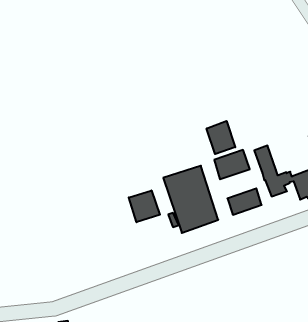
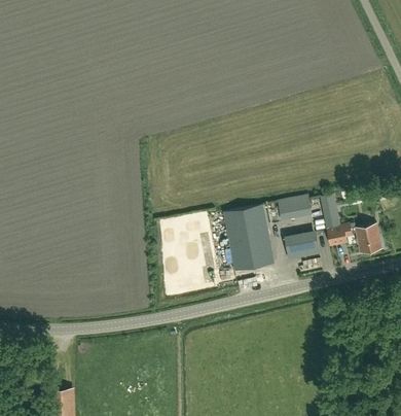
building: [207,121,235,154] -> none
building: [129,190,160,222] -> none

